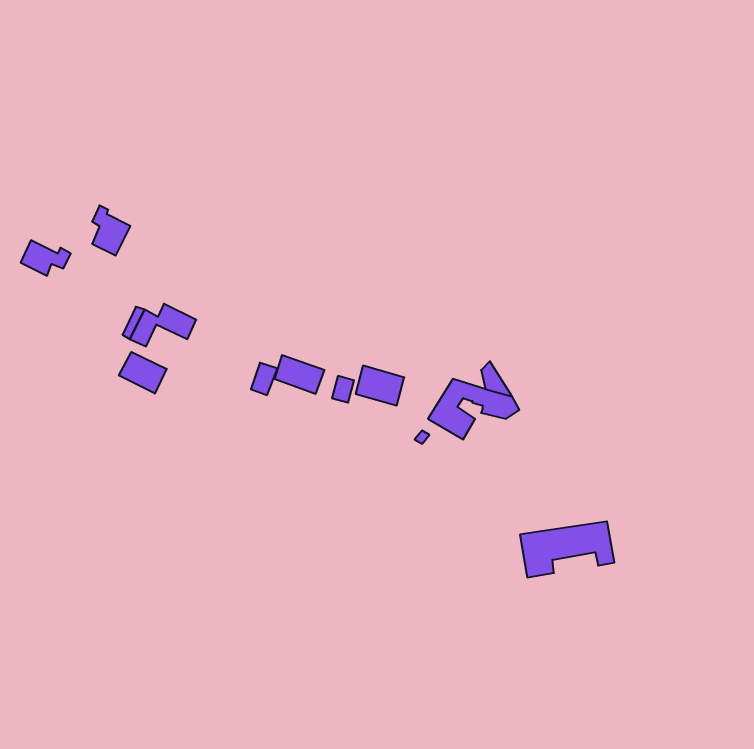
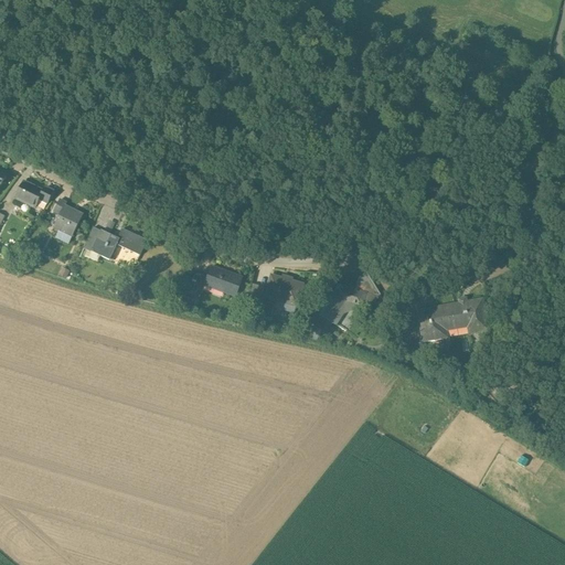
building: [92,205,130,256] -> [54,198,83,235]
building: [119,352,167,394] -> none
building: [520,521,614,577] -> [417,298,488,340]

